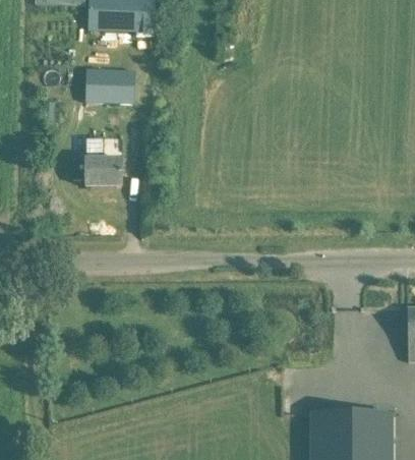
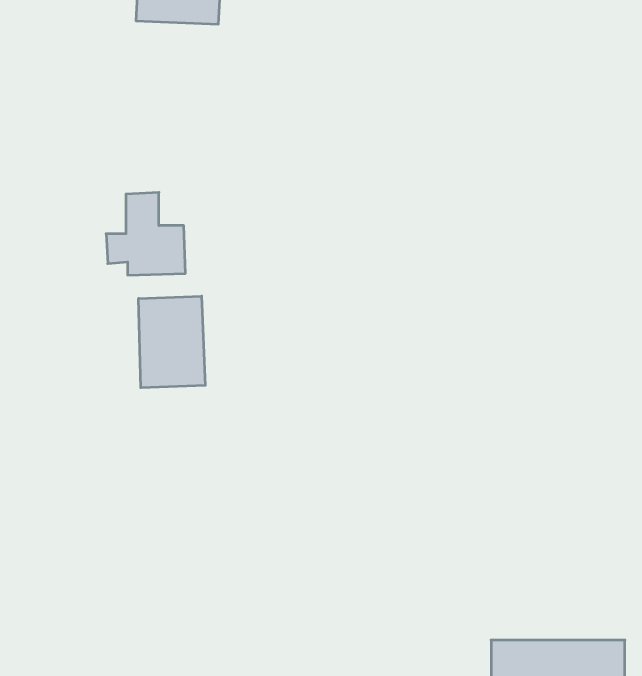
building: [85,69,135,104] -> none
building: none -> [139,296,205,388]

